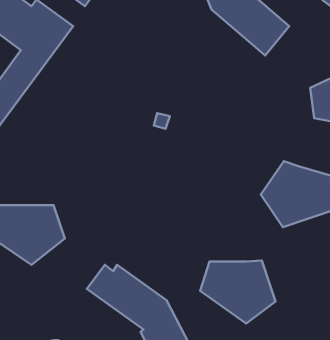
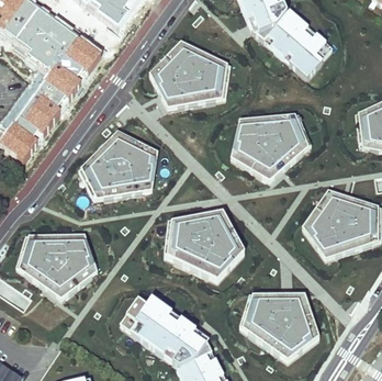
building: none -> [150,40,231,108]
building: none -> [231,112,312,179]
building: none -> [79,130,158,198]
building: none -> [165,212,245,280]

